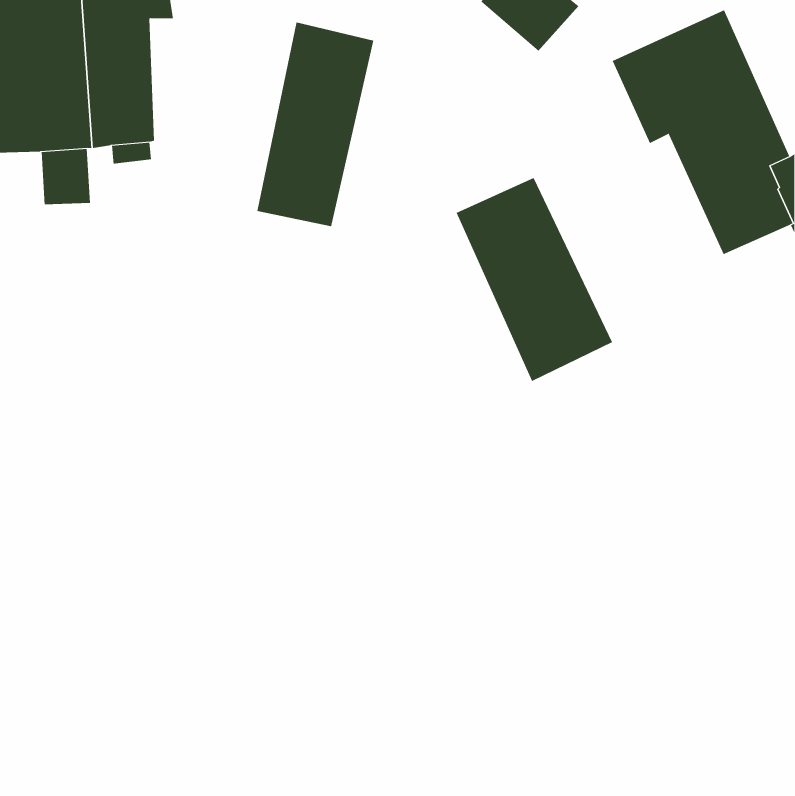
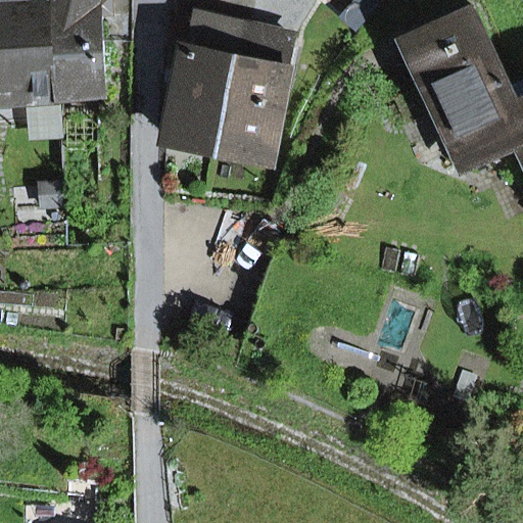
building: none -> [217,25,293,158]
building: [456,177,613,382] -> none

